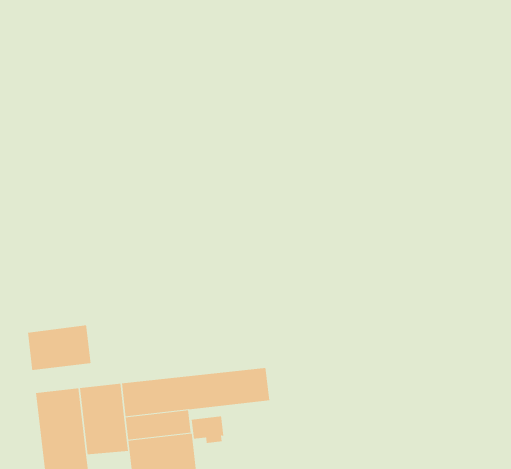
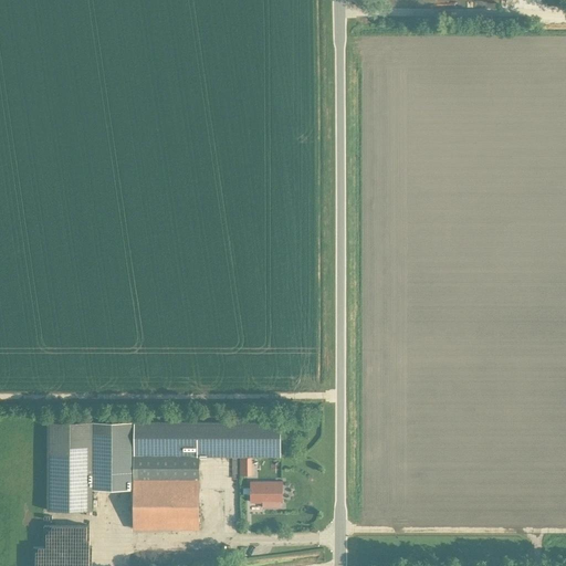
building: [27,324,91,371] -> none
building: [191,416,224,443] -> [250,484,281,510]

